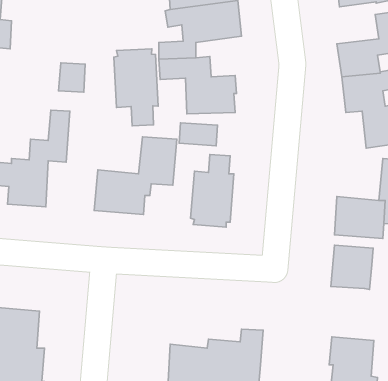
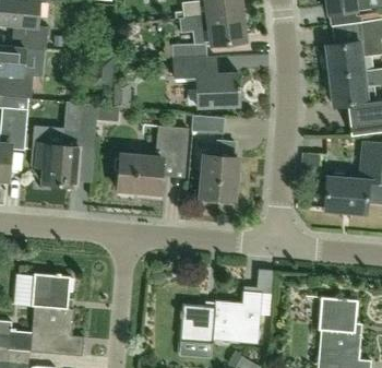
building: [114,49,158,126] -> none
building: [331,245,373,290] -> none

